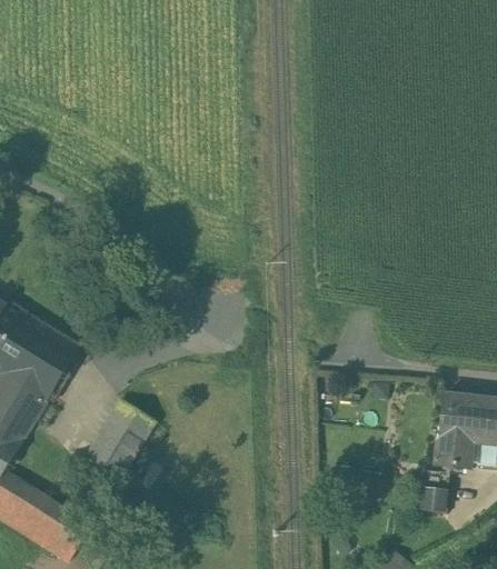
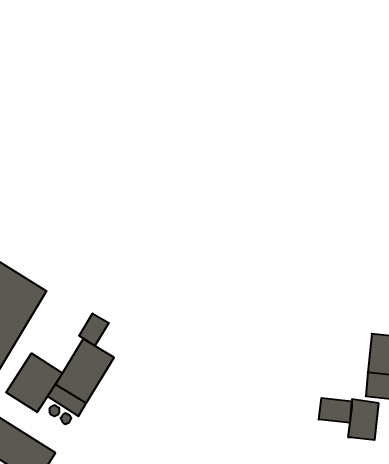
building: none -> [79,313,109,346]
building: none -> [6,353,62,412]
building: none -> [319,398,352,423]

